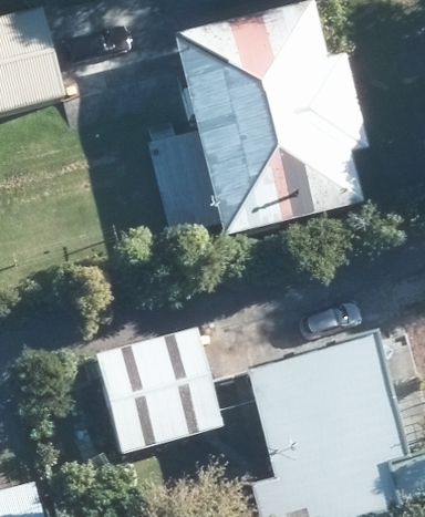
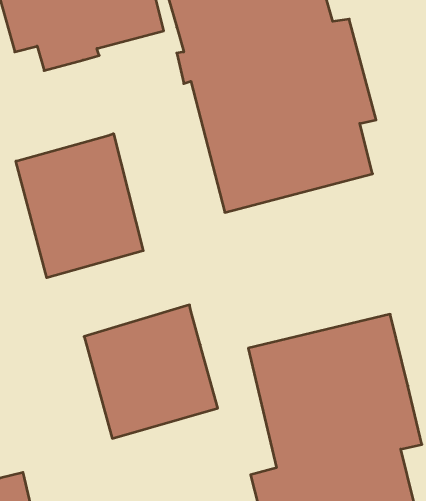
building: none -> [16,134,143,278]

